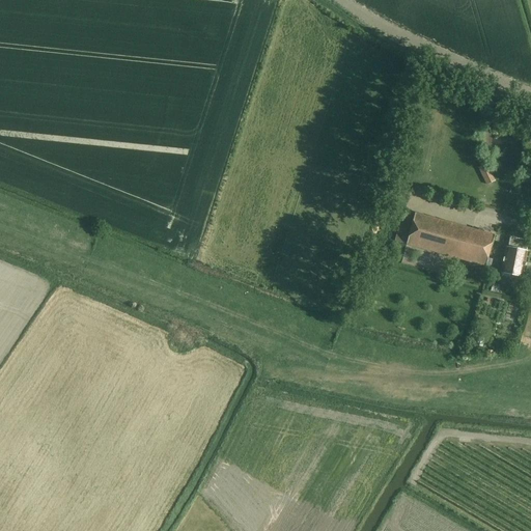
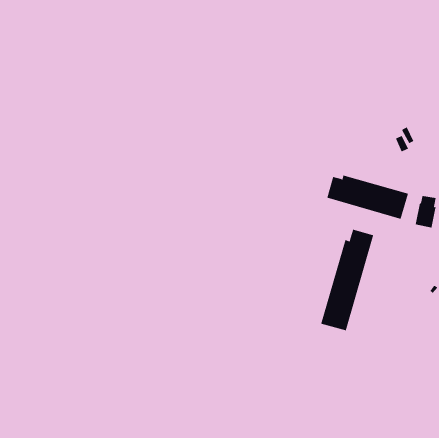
building: none -> [321,229,374,331]

